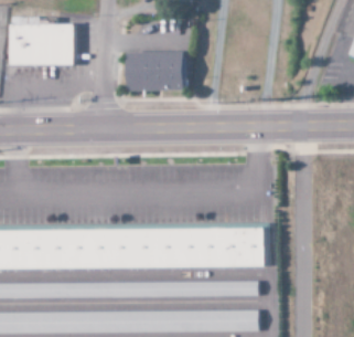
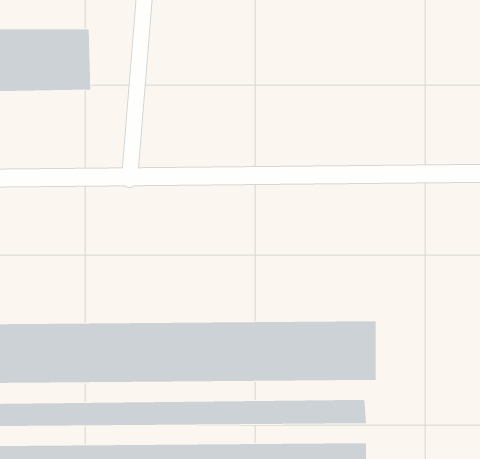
building: [125,52,182,92] -> none

